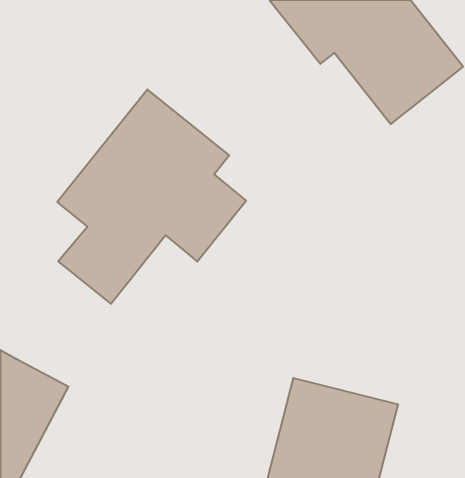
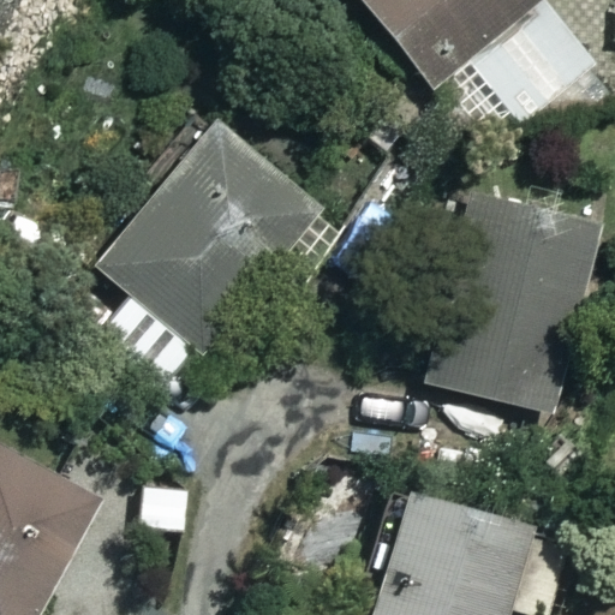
building: none -> [423,184,603,407]

